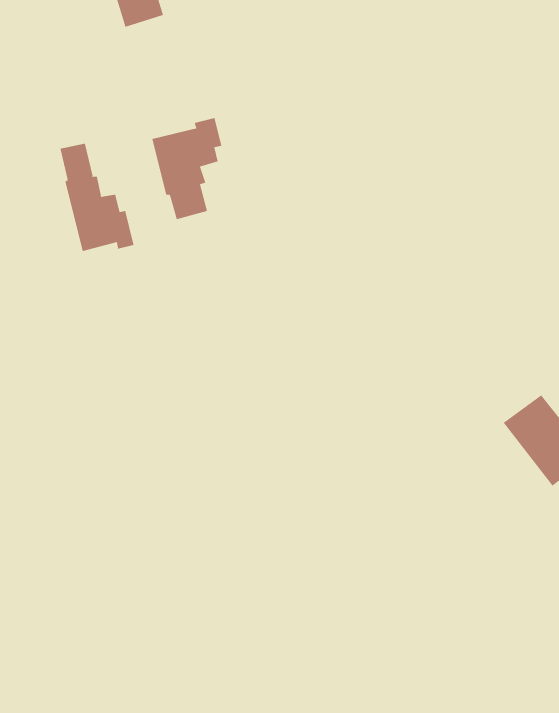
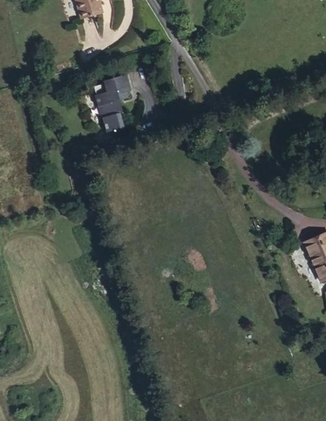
building: [60,143,134,252] -> none

